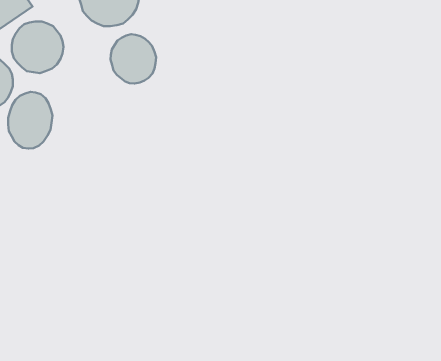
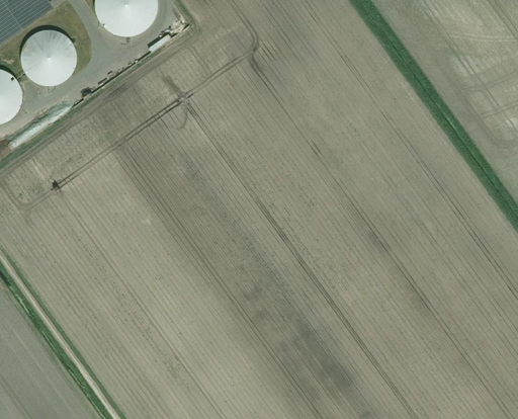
building: [111,34,156,83] -> none
building: [8,92,53,148] -> none

